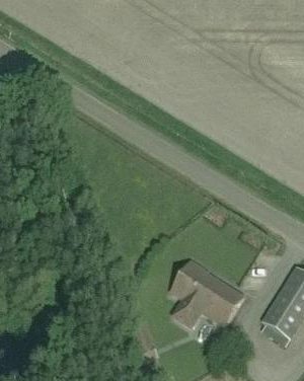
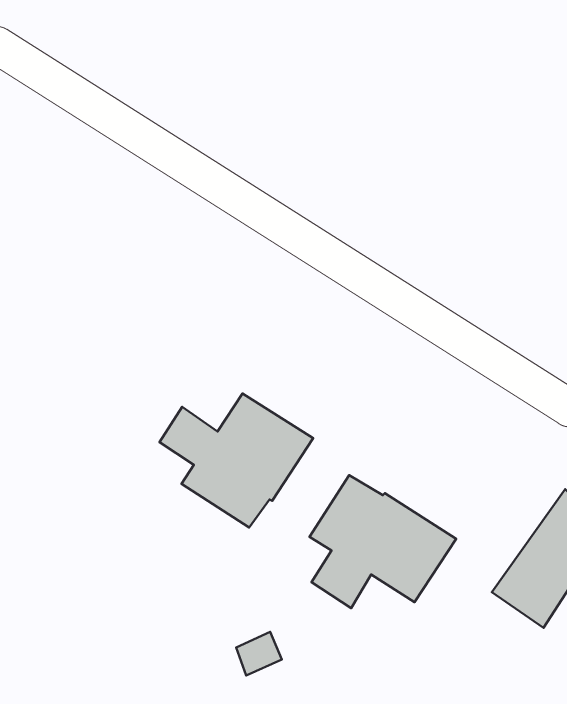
building: none -> [160,393,313,528]

